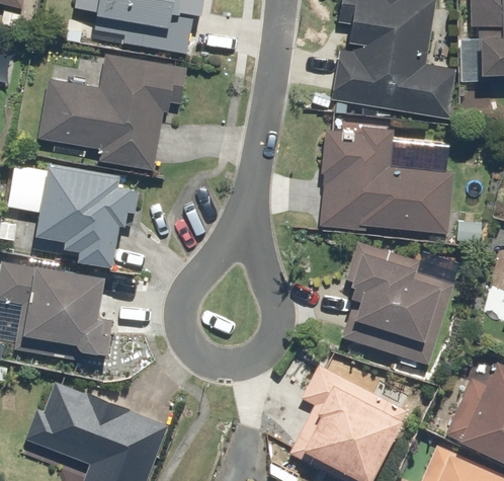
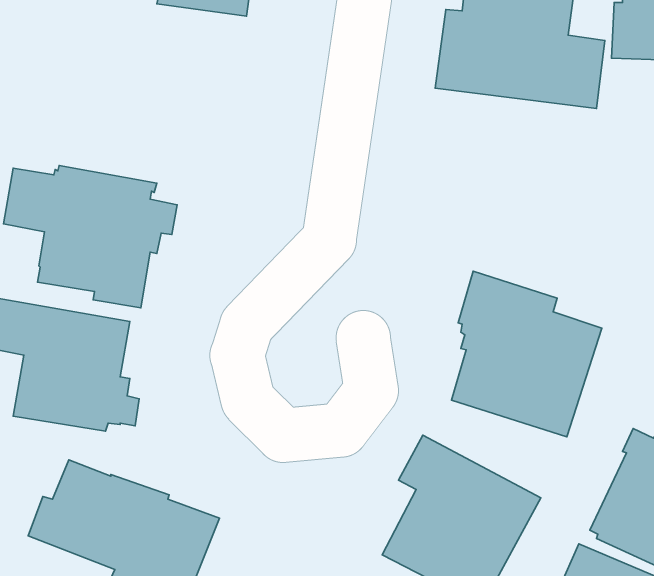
building: [38,54,186,171] -> none
building: [323,128,452,231] -> none

